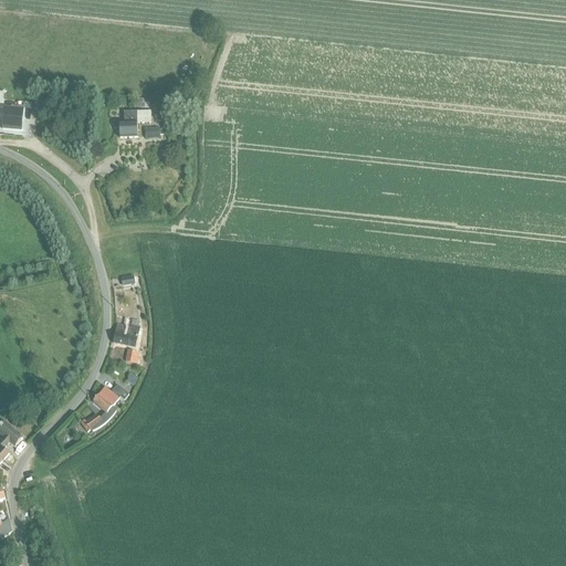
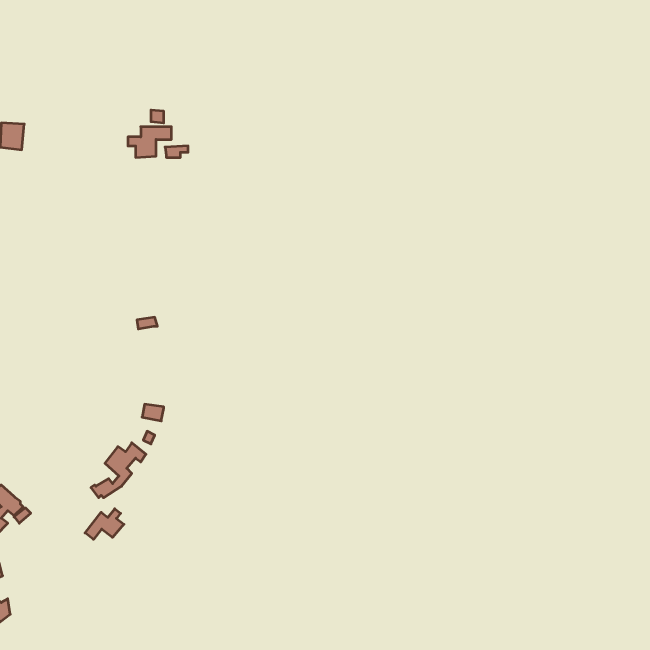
building: [111,318,137,346] -> none
building: none -> [85,509,124,539]

